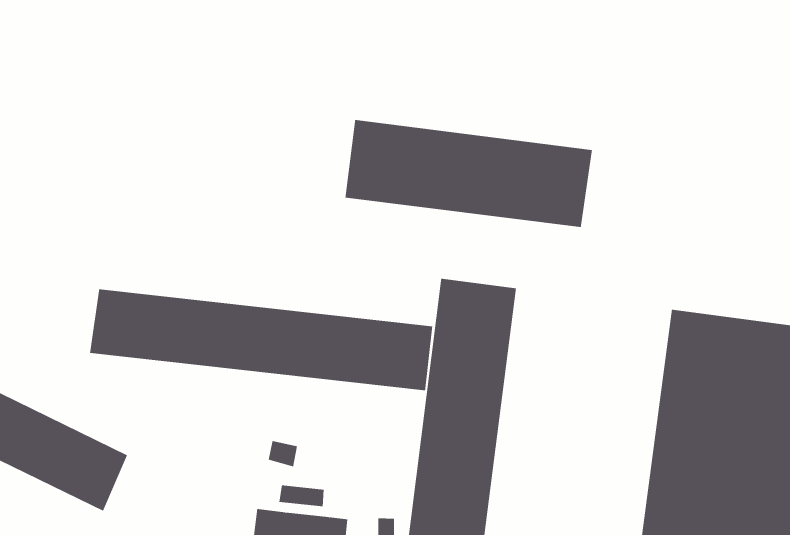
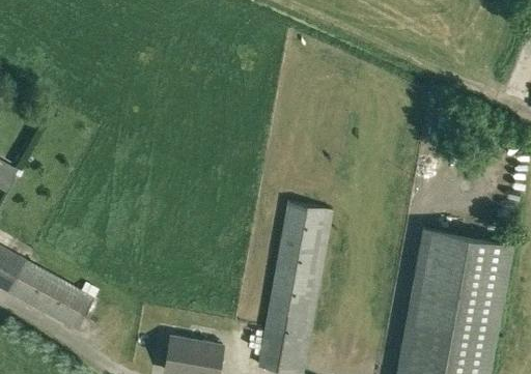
building: [345,119,593,228] -> none
building: [89,288,433,391] -> none

